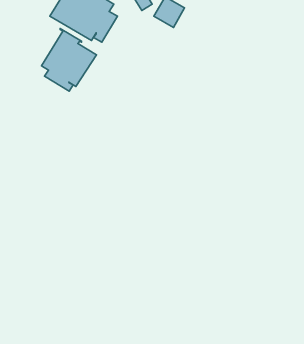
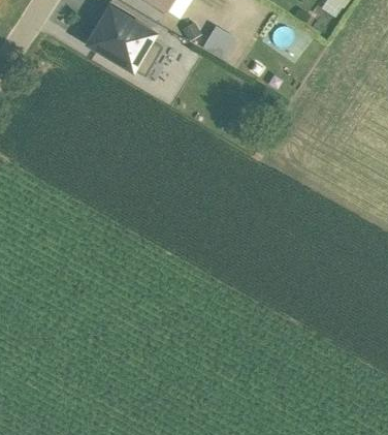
building: [42,29,96,91] -> none

